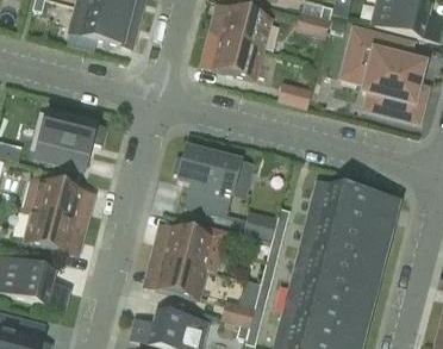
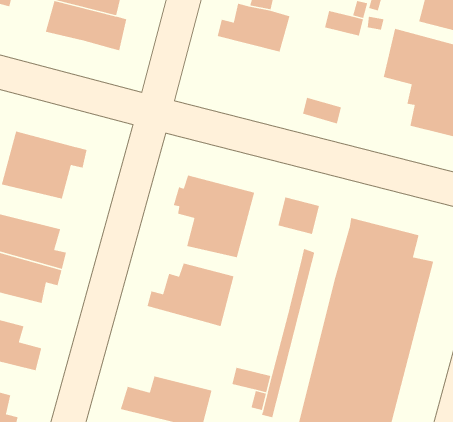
building: [206,35,261,77] -> none
building: [243,210,277,241] -> [277,197,320,235]
building: [149,254,205,298] -> none

